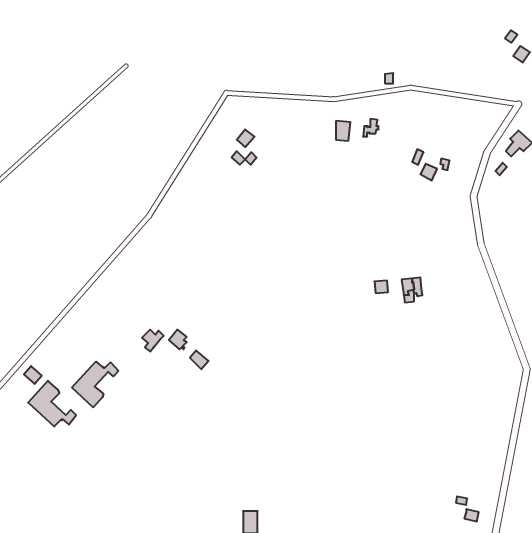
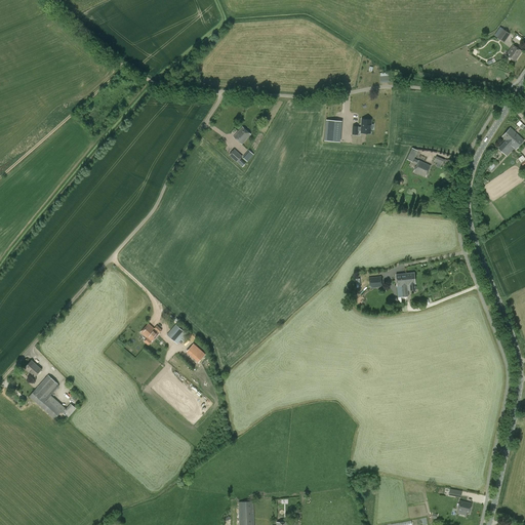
building: [72,362,118,407] -> none

